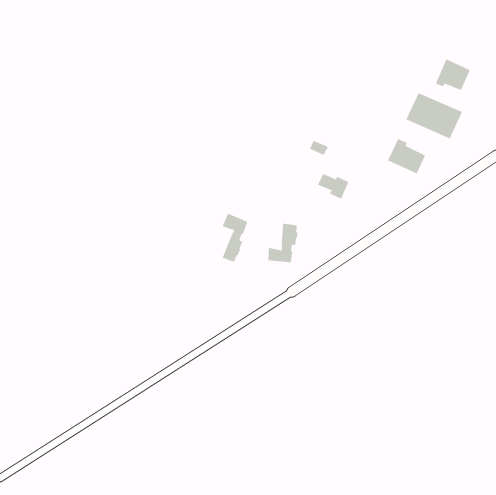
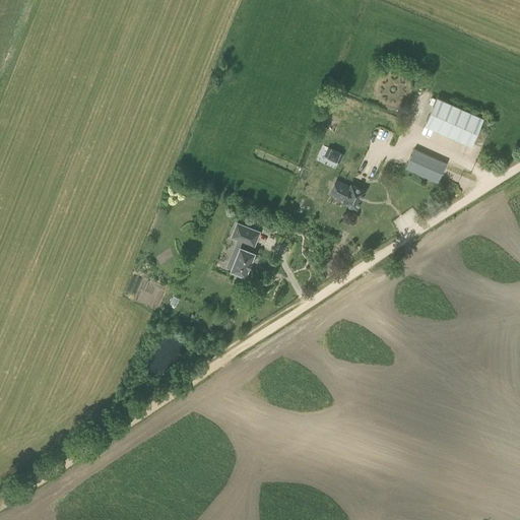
building: [435,58,470,91] -> none
building: [268,223,298,263] -> none

